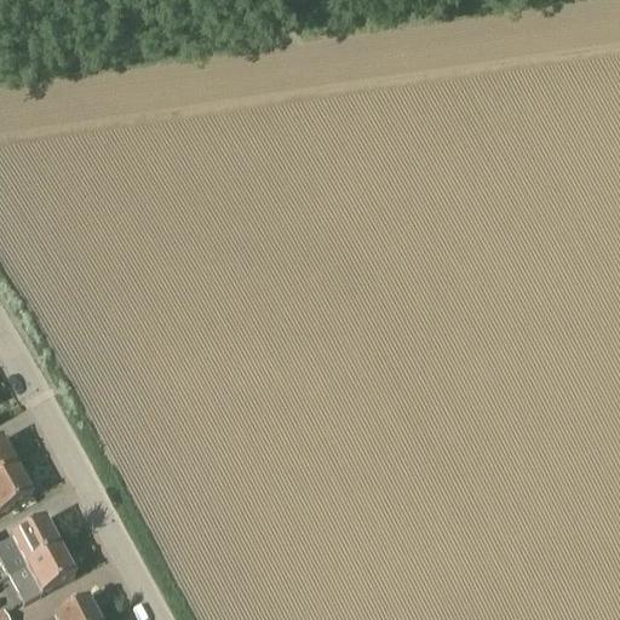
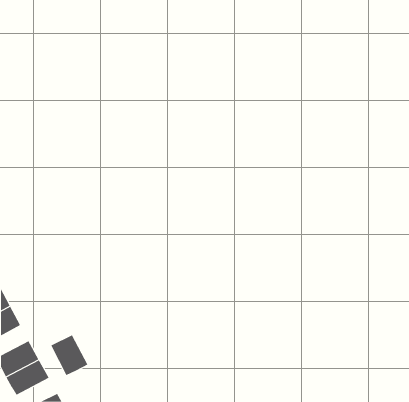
building: none -> [50,335,88,376]

